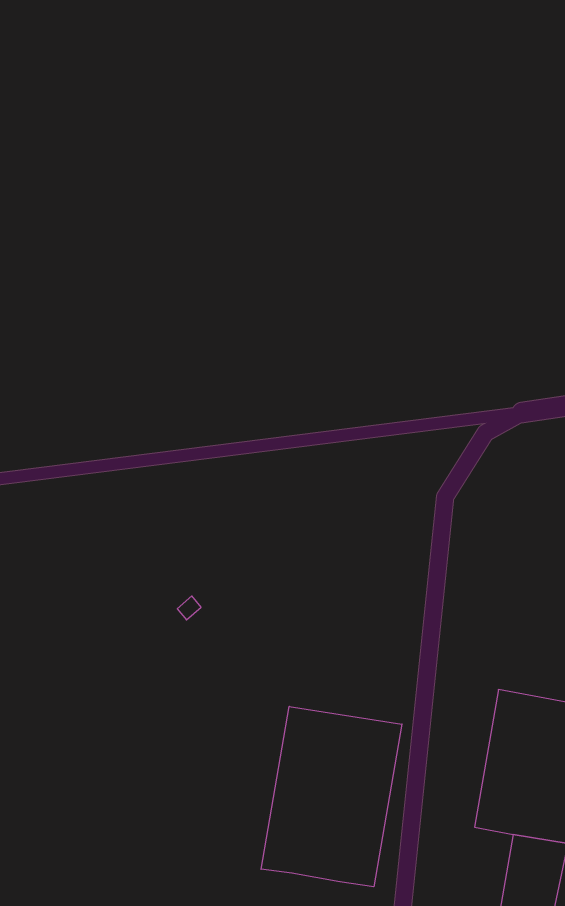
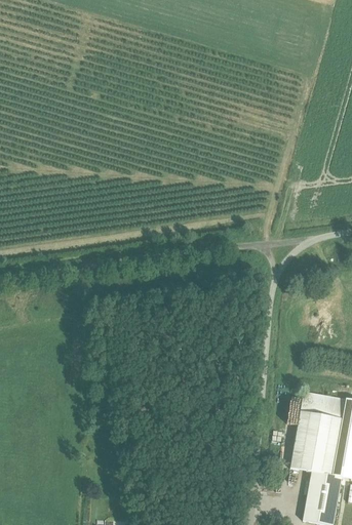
building: [261,706,402,887] -> none

